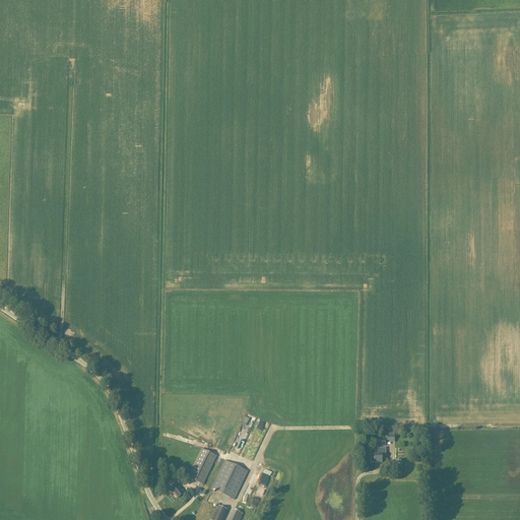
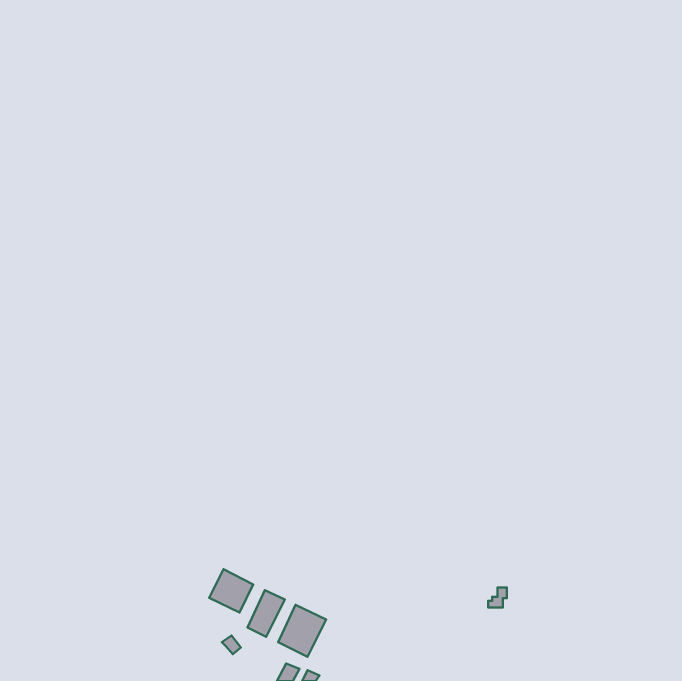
building: none -> [209,569,253,612]

